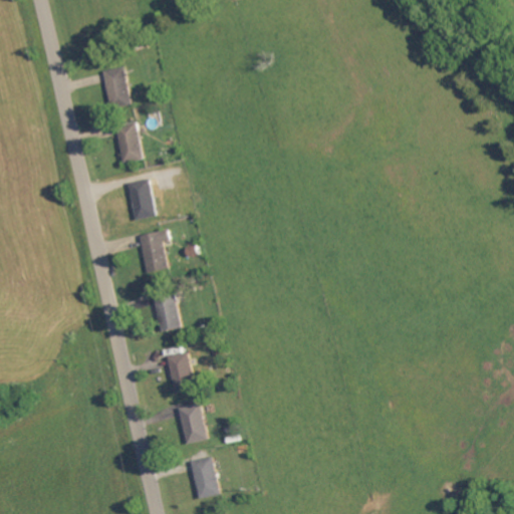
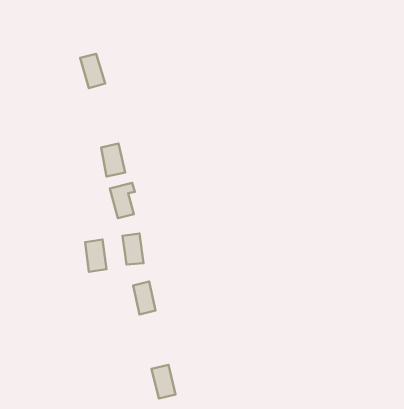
building: [115,125,142,165] -> none
building: none -> [85,240,107,272]
building: [178,404,207,444] -> none

